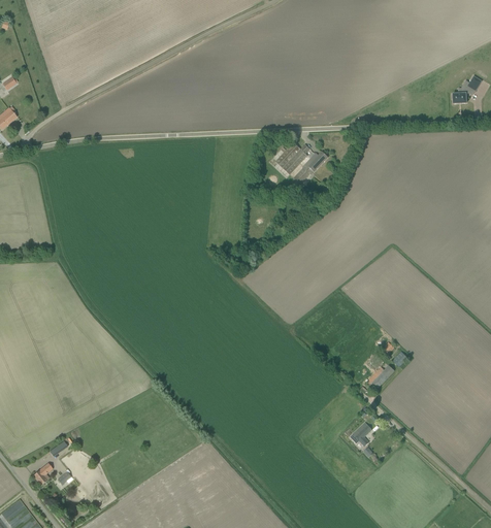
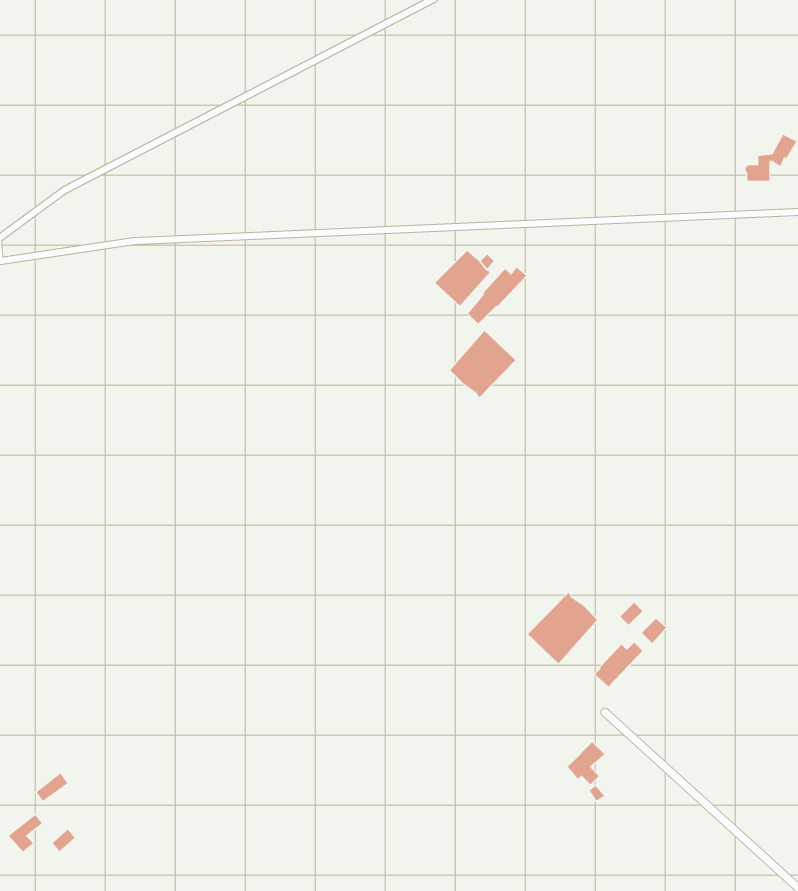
building: none -> [450,330,516,398]
building: none -> [527,592,598,664]

